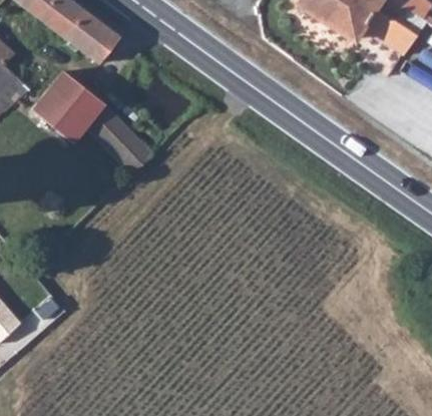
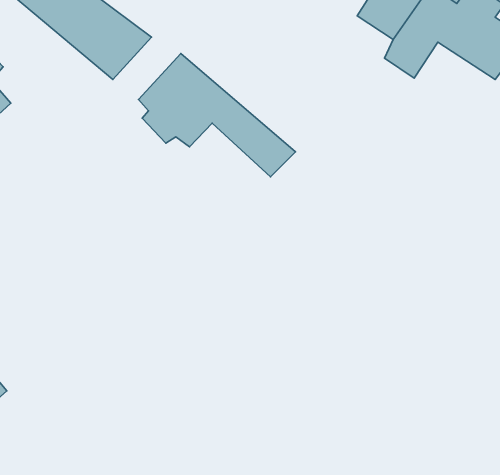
building: [30,70,156,169] -> [139,54,295,177]

